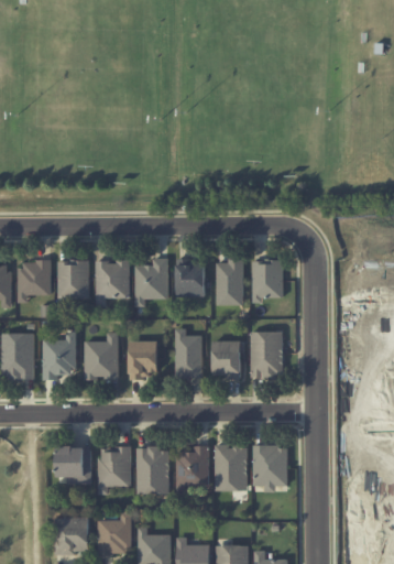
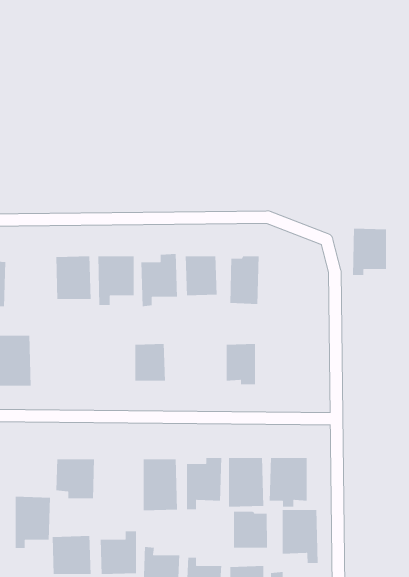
building: [251,259,283,303] -> [352,228,387,276]
building: [18,262,51,302] -> none
building: [174,328,201,378] -> none
building: [43,332,76,379] -> none
building: [250,332,283,379] -> none
building: [84,333,118,379] -> none
building: [98,446,131,495] -> [15,496,51,549]
building: none -> [282,509,318,564]
building: none -> [233,511,268,549]

